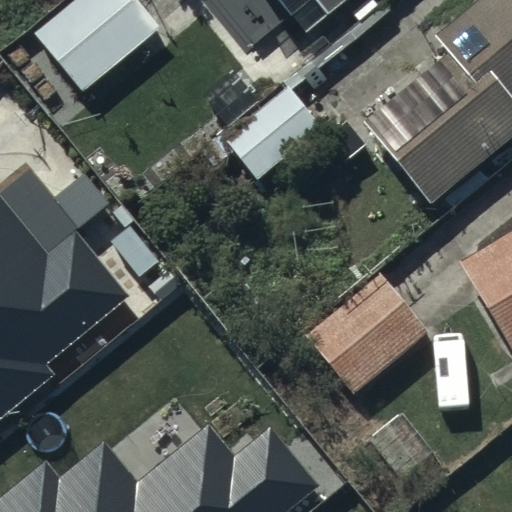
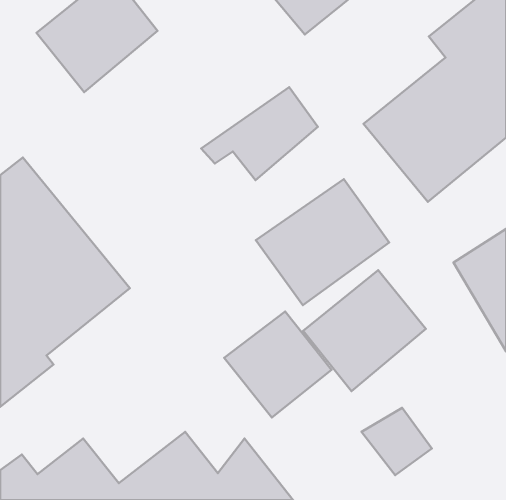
building: none -> [256,179,389,305]
building: none -> [224,312,331,418]

